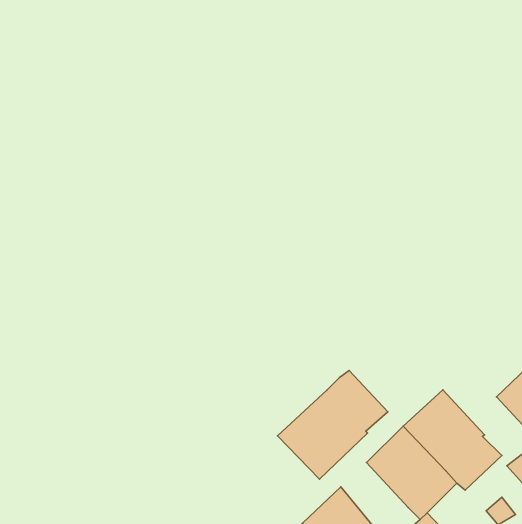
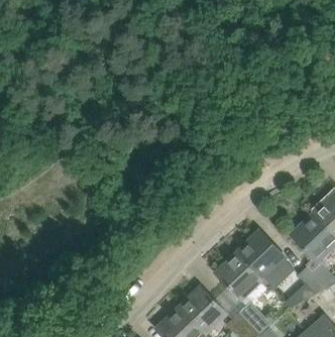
building: [277,370,388,479] -> none

